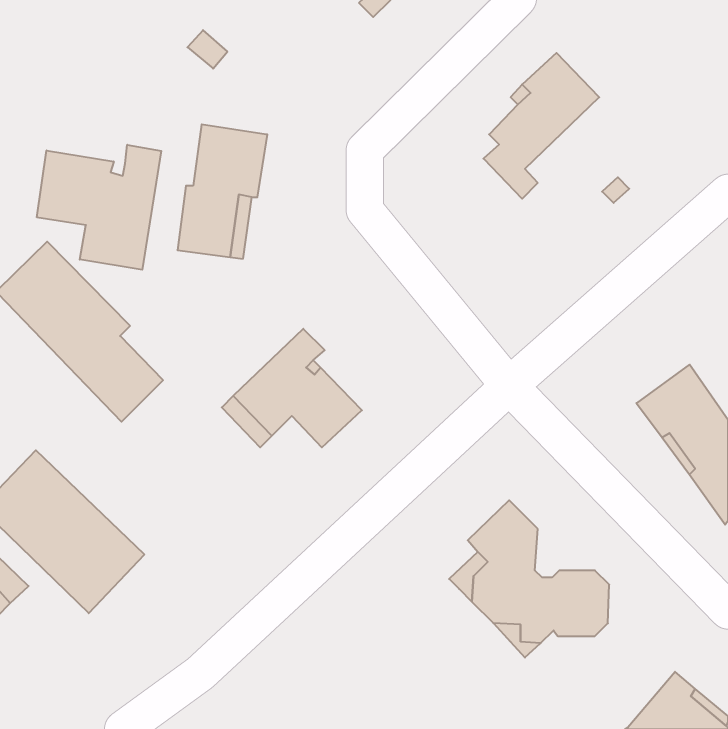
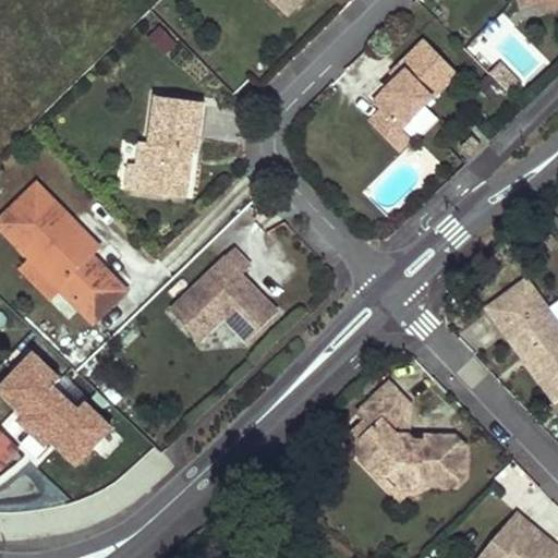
building: [37,145,161,270] -> none

